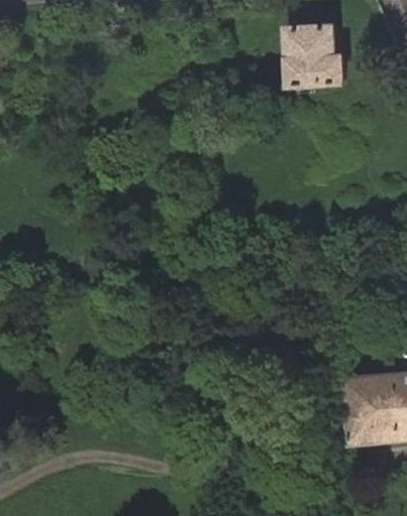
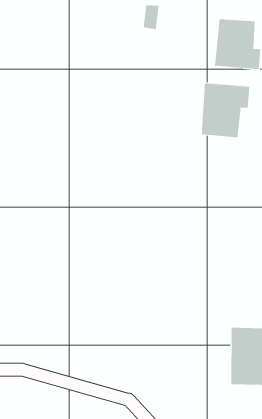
building: none -> [201,82,250,138]

